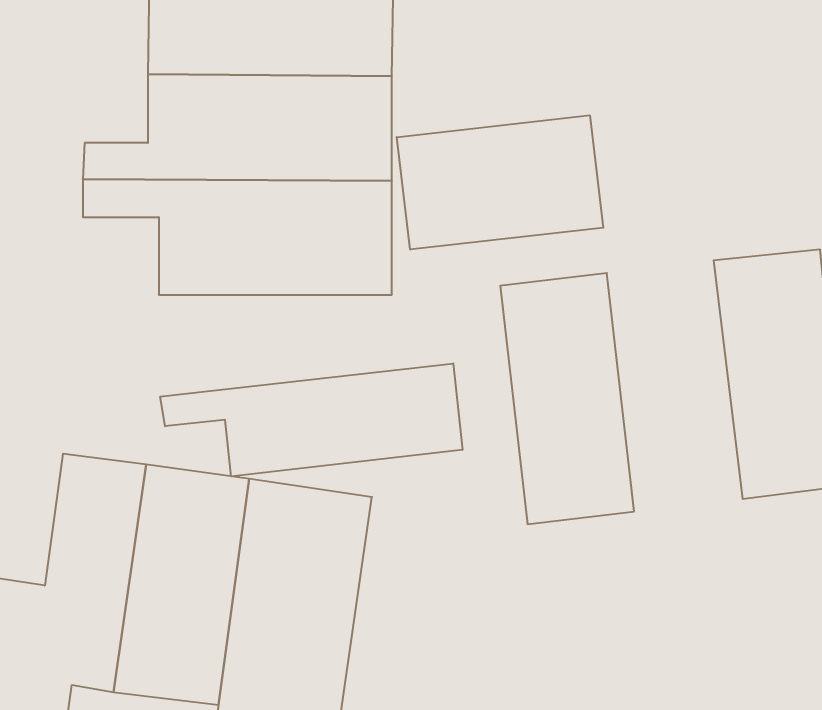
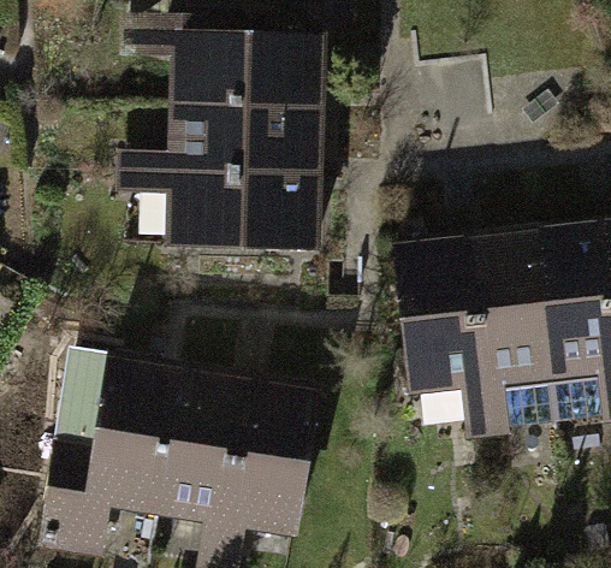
building: [397,115,603,250] -> none
building: none -> [465,230,556,397]
building: [160,363,462,476] -> none

